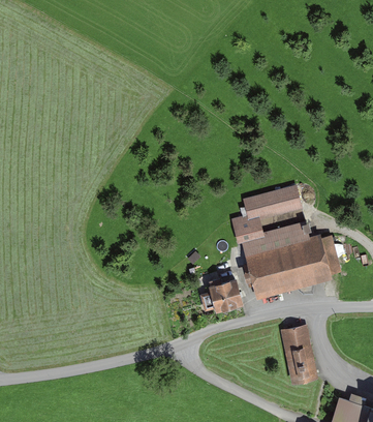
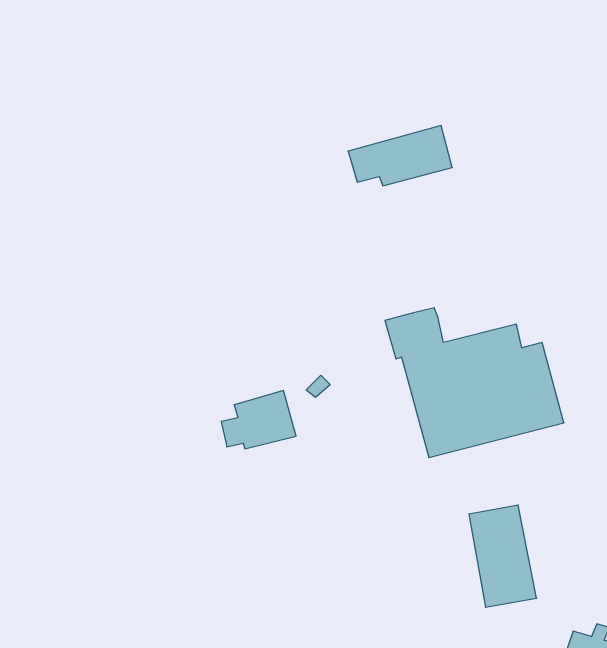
building: [244,185,303,219] -> [348,126,452,186]
building: [200,279,243,312] -> [221,390,296,449]

